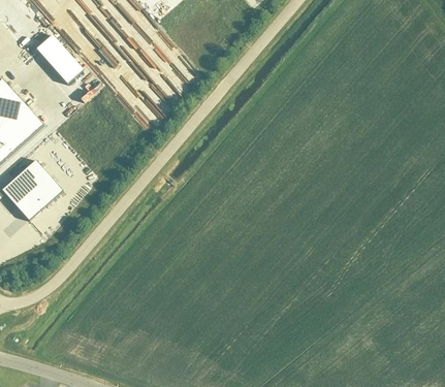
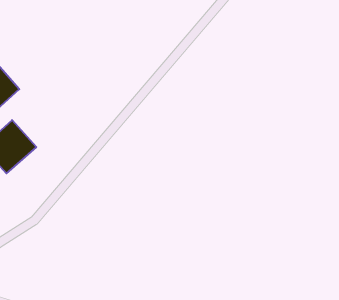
building: [36,34,83,84] -> none

